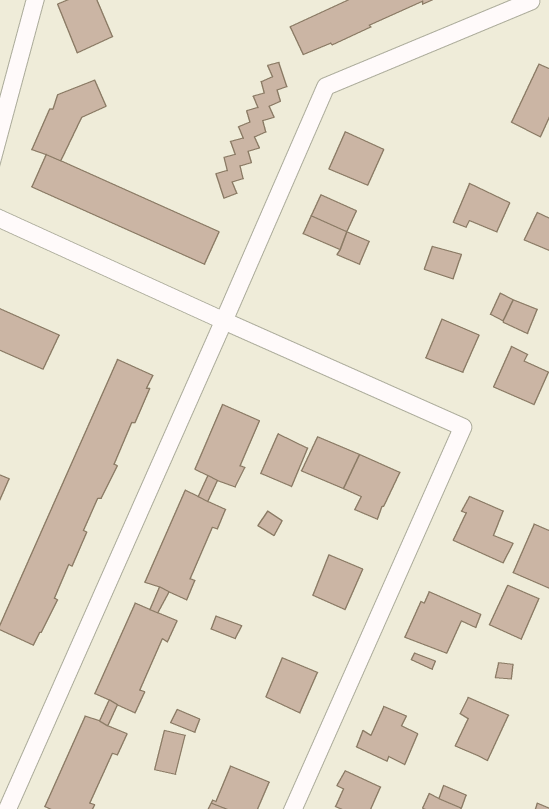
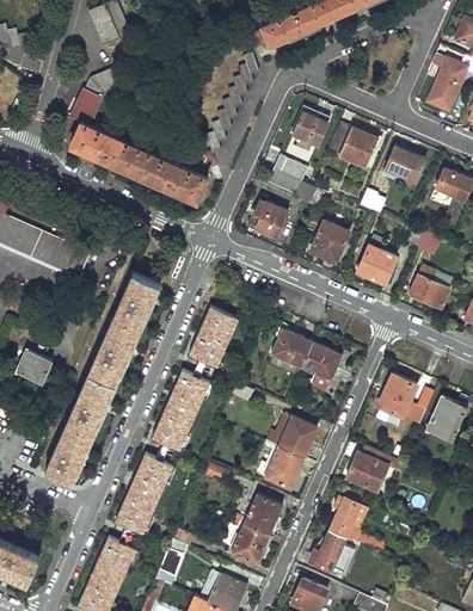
building: none -> [327,122,376,165]
building: none -> [253,199,289,239]
building: none -> [313,221,352,263]
building: [261,434,308,487] -> none
building: [489,585,539,639] -> none
building: none -> [264,449,301,489]
building: none -> [228,524,268,567]
building: [455,697,509,760] -> [330,495,369,542]

